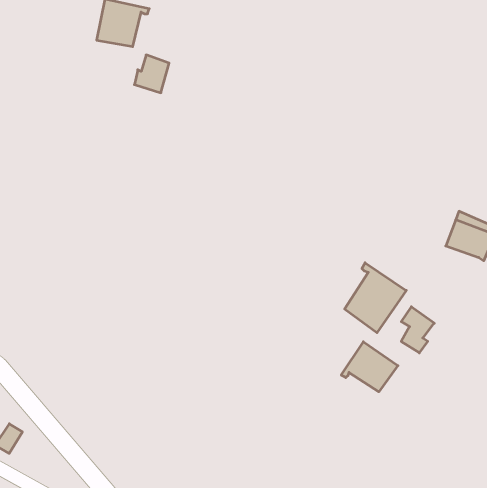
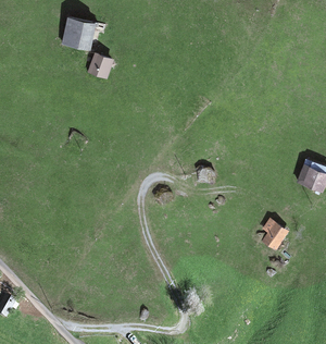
building: [345,263,406,333] -> none
building: [341,342,398,392] -> none

